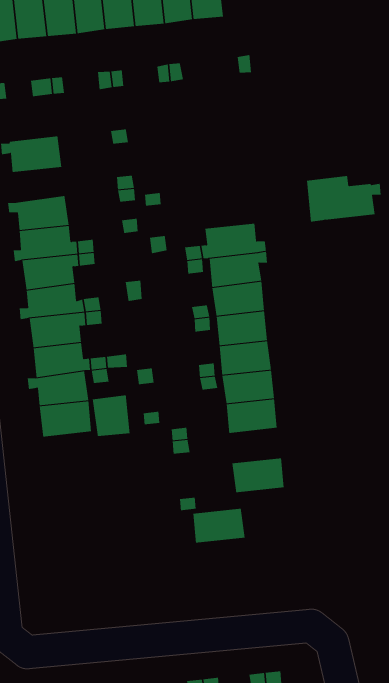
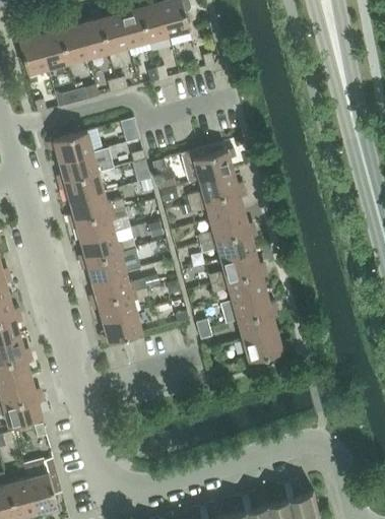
building: none -> [58,152,98,182]
building: [306,175,381,222] -> [181,146,235,183]
building: [92,394,130,437] -> none
building: [192,508,246,543] -> [237,311,276,340]

